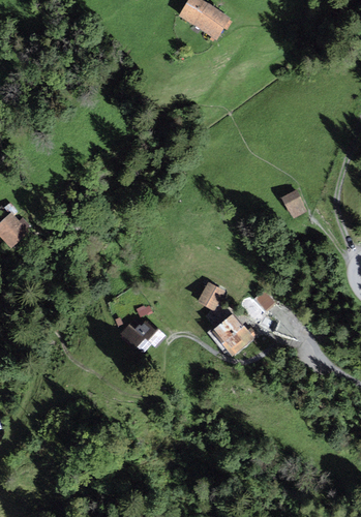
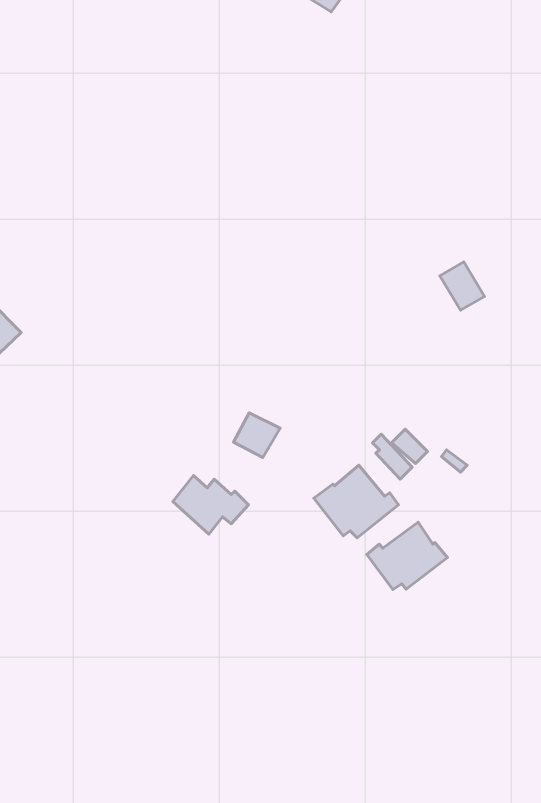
building: [199,282,227,309] -> [234,413,280,458]
building: none -> [367,522,447,589]

